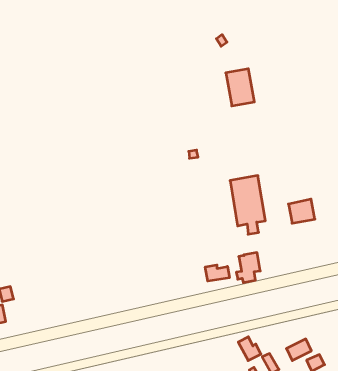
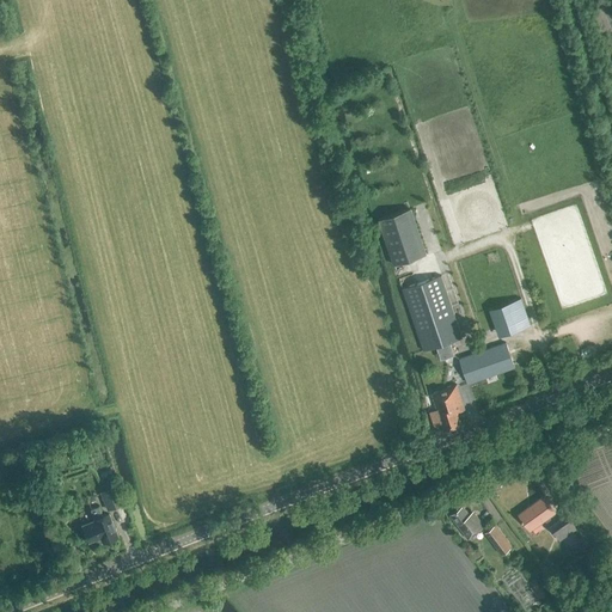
building: [226,69,254,106] -> [379,210,426,267]
building: none -> [460,344,514,385]
building: [205,265,229,281] -> none

